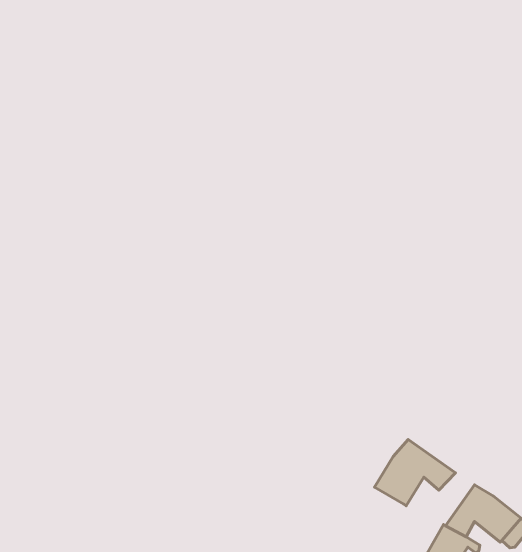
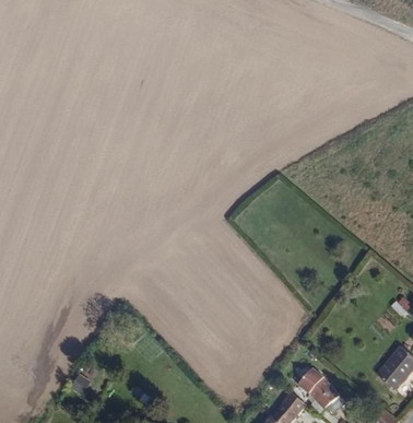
building: [374,439,455,506] -> none

